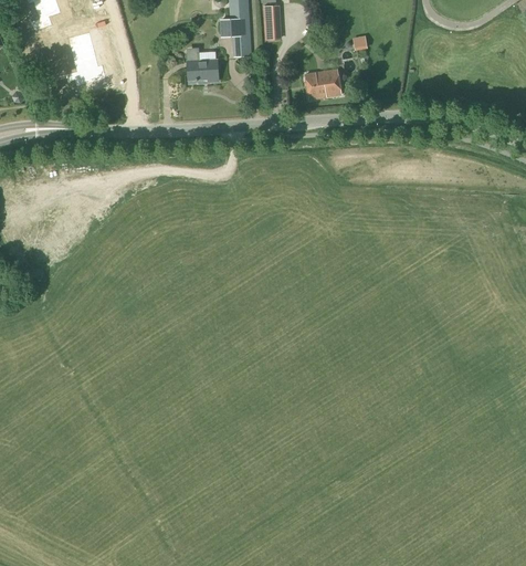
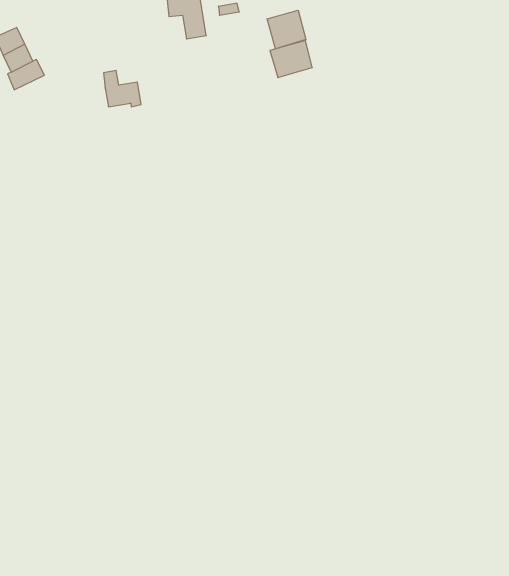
building: none -> [267,10,306,49]
building: [188,46,218,80] -> [104,70,141,107]

